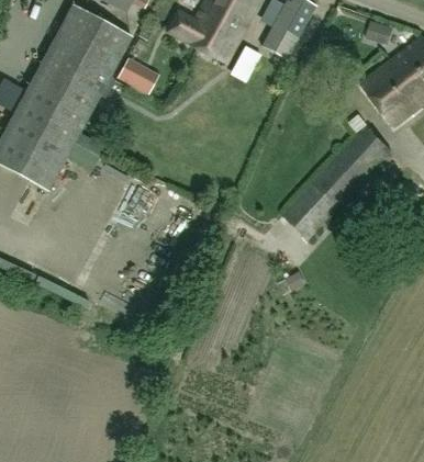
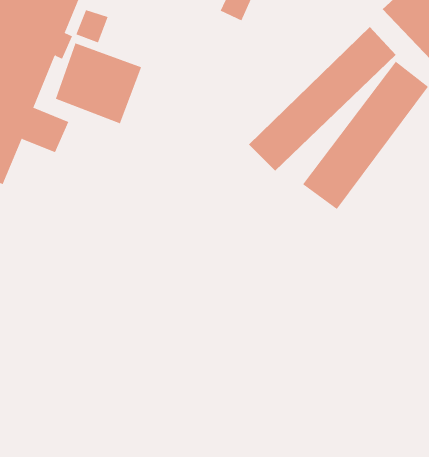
building: none -> [55,43,142,124]
building: none -> [248,26,396,171]

